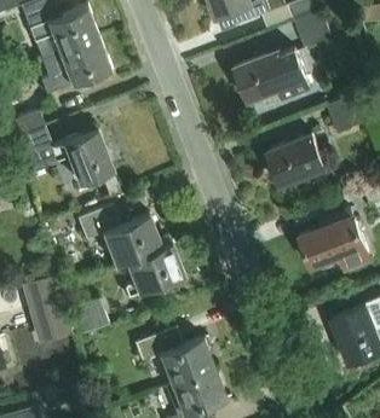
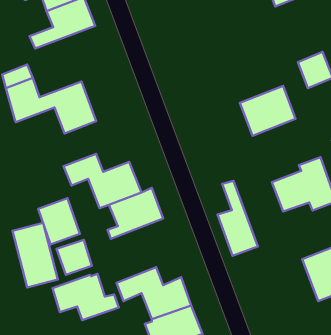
building: [235,48,310,101] -> none
building: none -> [218,181,258,256]
building: none -> [38,198,80,244]
building: none -> [53,274,119,320]

